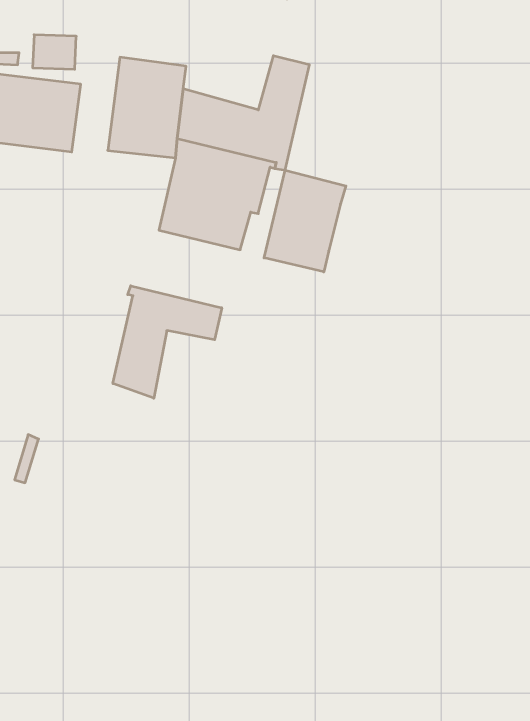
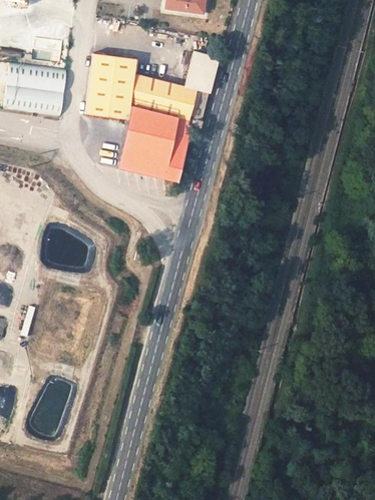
building: [264,170,346,272] -> none
building: [113,286,222,398] -> none

